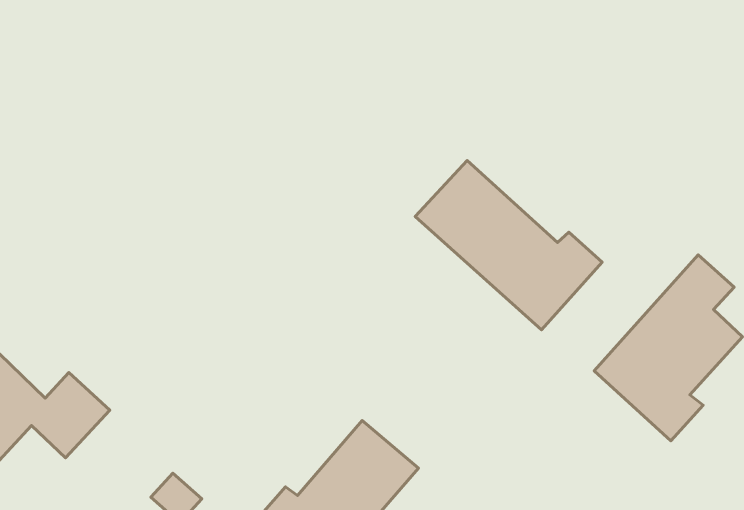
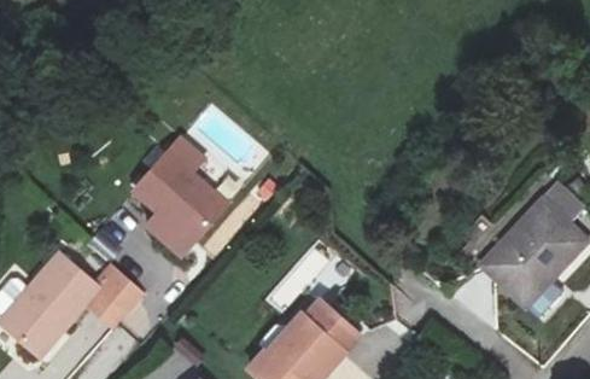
building: [415,160,602,330] -> none
building: none -> [134,138,227,256]

